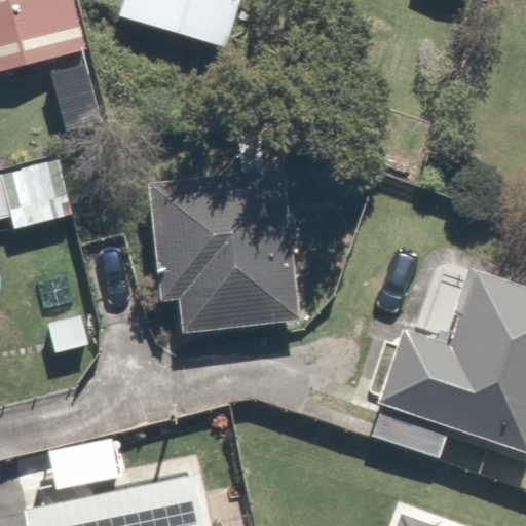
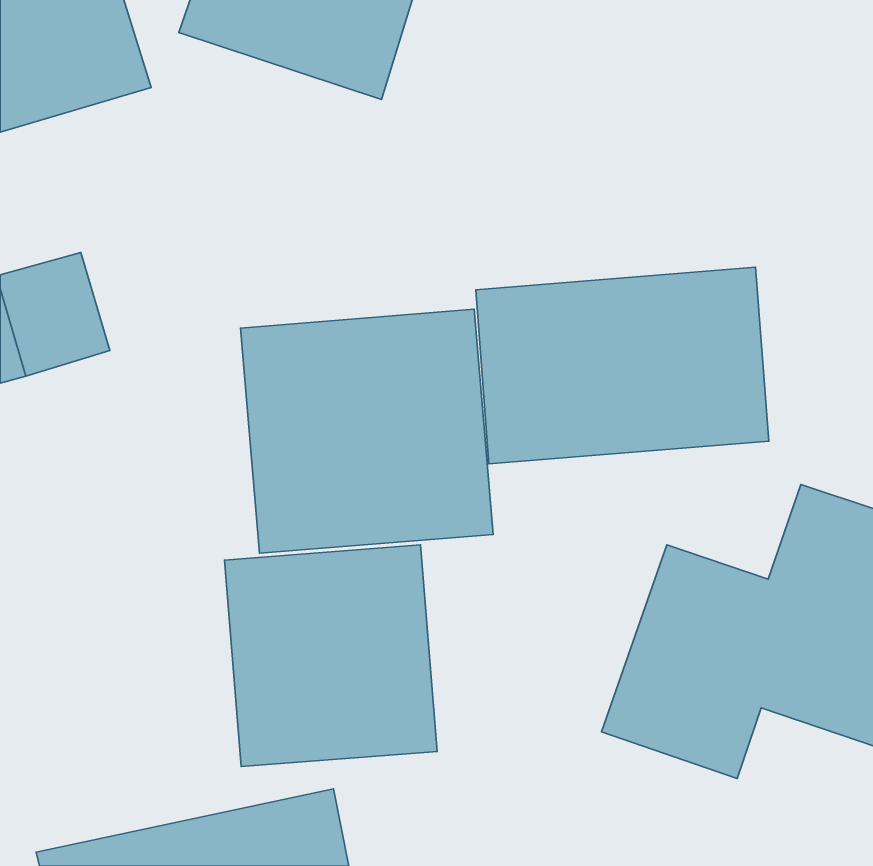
building: none -> [476,267,769,464]
building: none -> [225,545,437,767]

